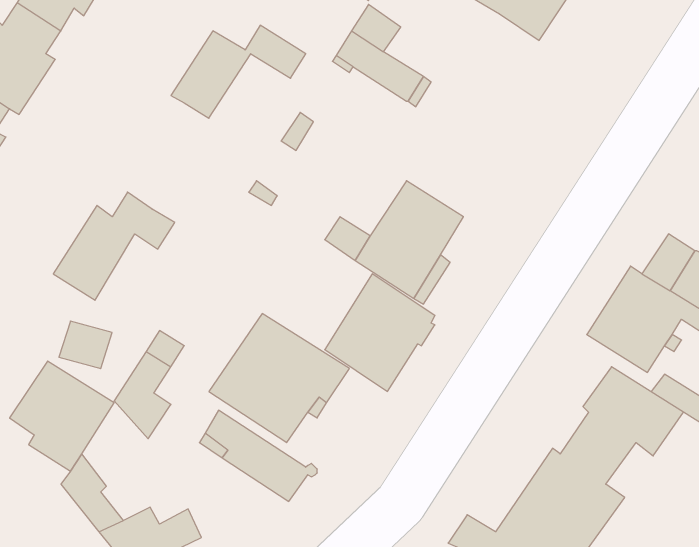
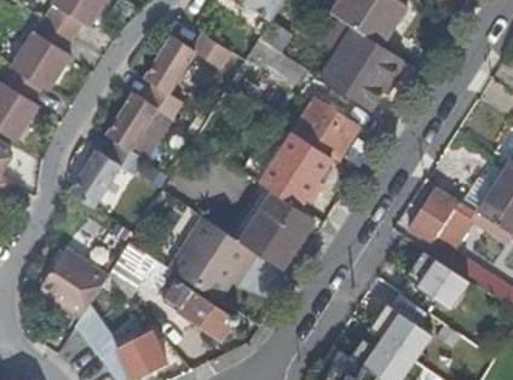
building: none -> [319,27,403,110]
building: none -> [106,84,183,151]
building: none -> [292,98,358,160]

